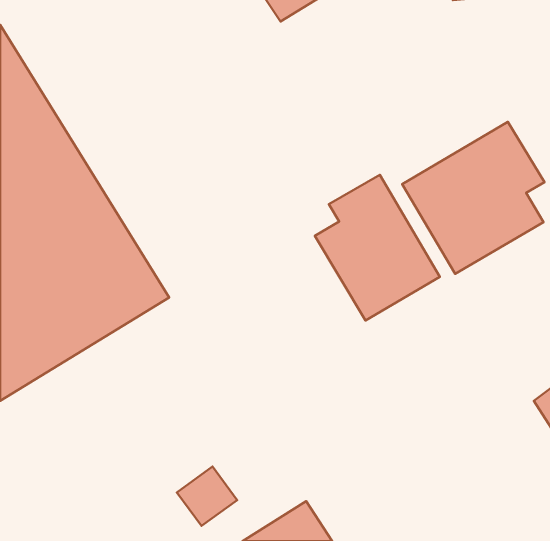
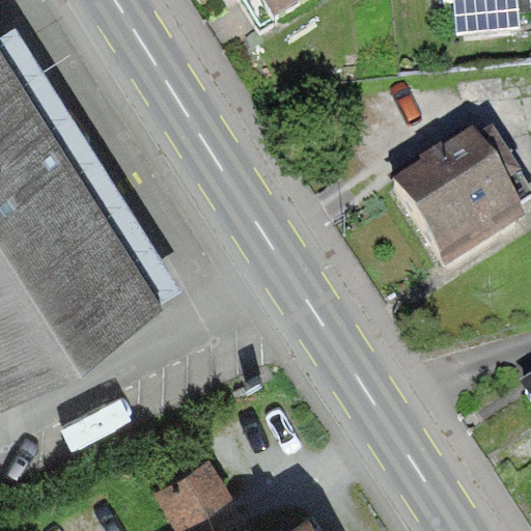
building: [315,175,440,321] -> none

